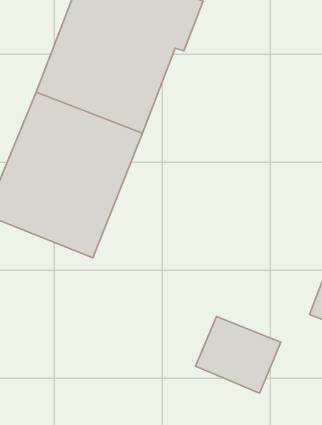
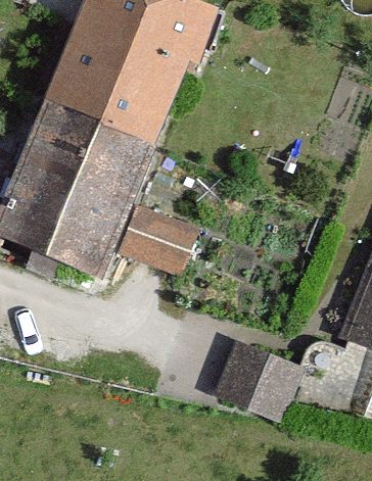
building: none -> [123,200,205,272]

